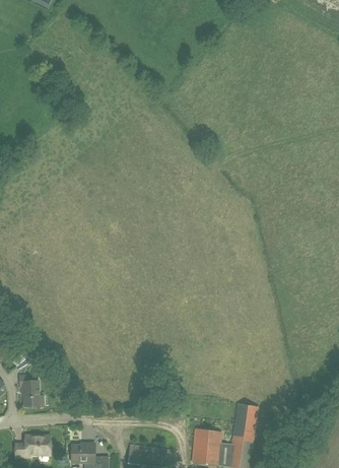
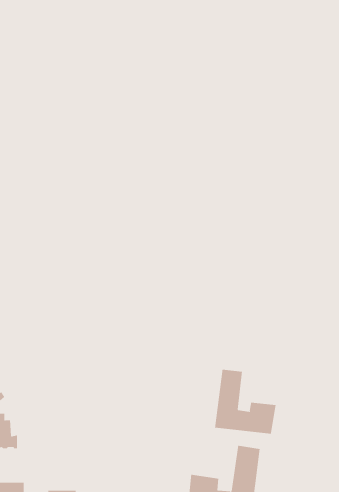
building: none -> [214,369,276,435]

